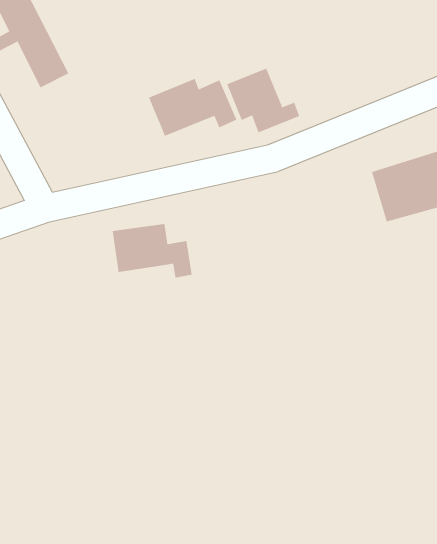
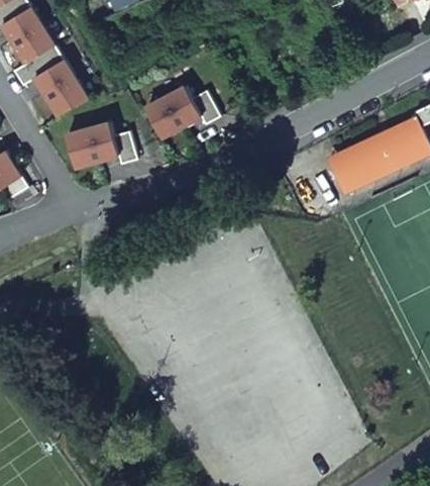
building: [226,68,300,133] -> none
building: [112,223,193,278] -> [68,123,136,167]

